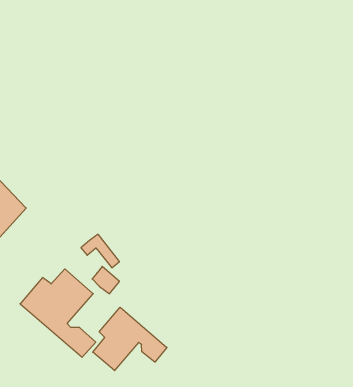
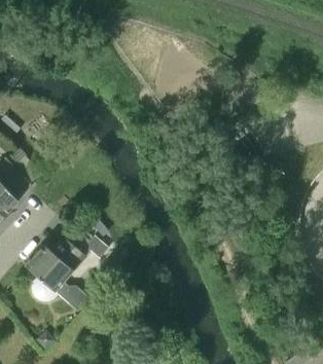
building: [93,307,167,371] -> none

